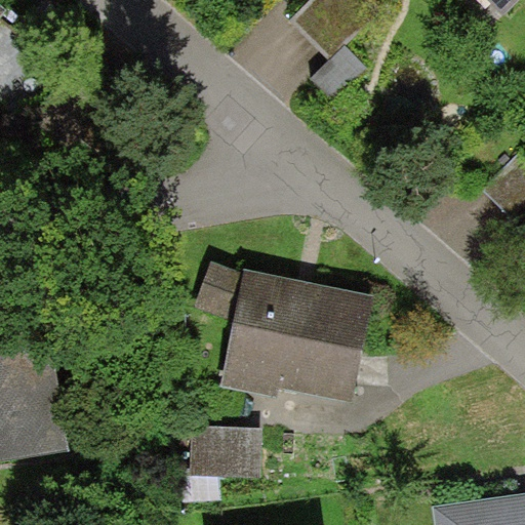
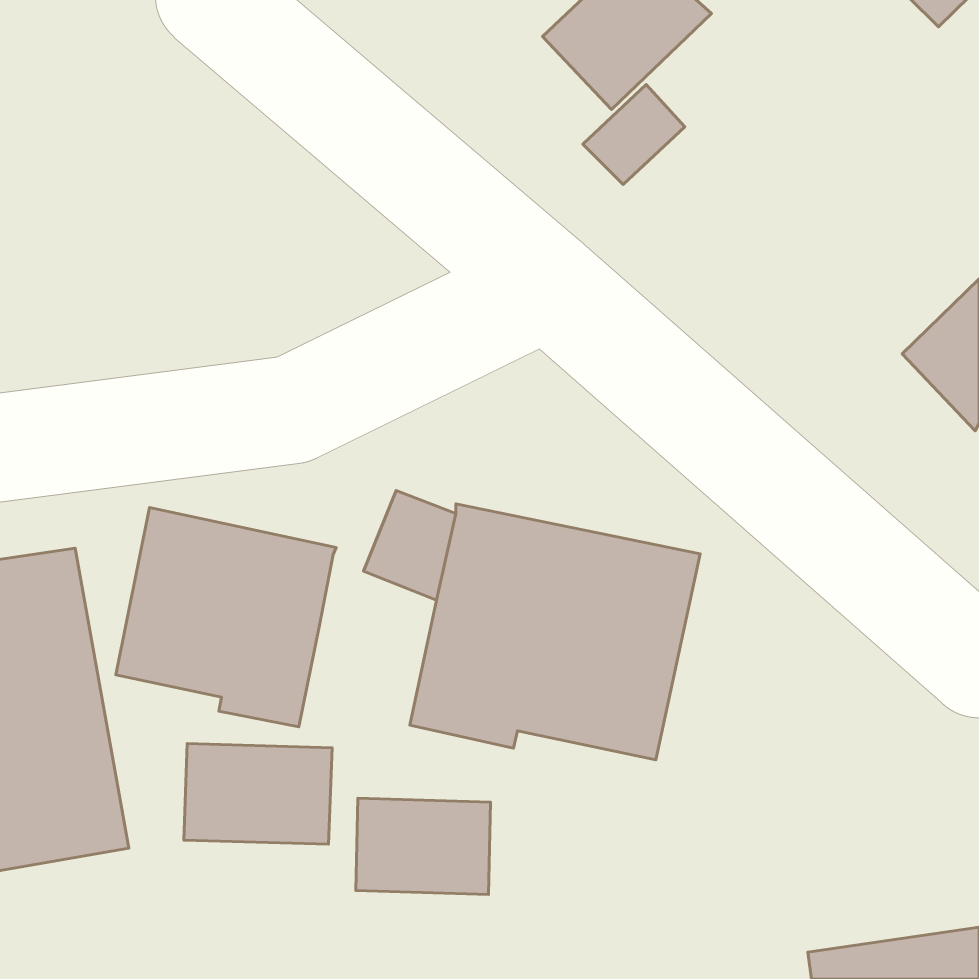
building: none -> [116,508,336,727]
building: none -> [184,744,332,844]

